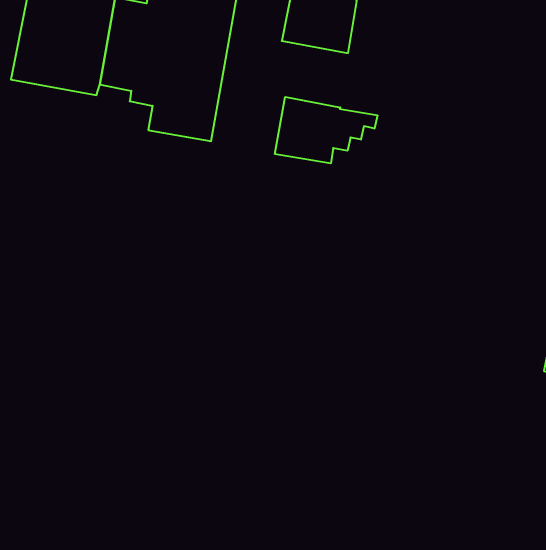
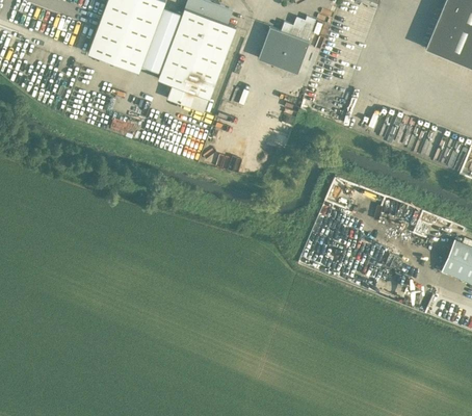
building: [275,97,377,163] -> none

